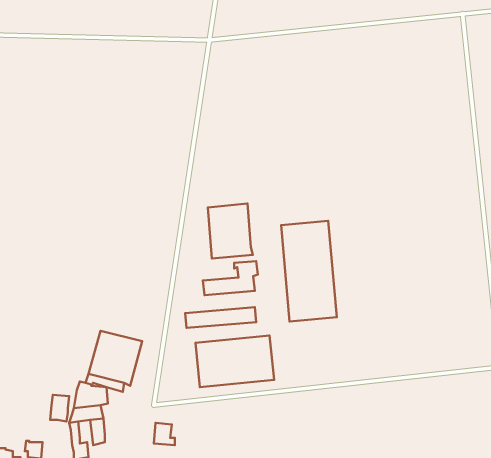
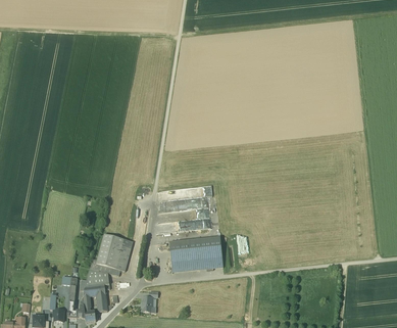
building: [208,204,253,258] -> none
building: [281,221,337,321] -> none

